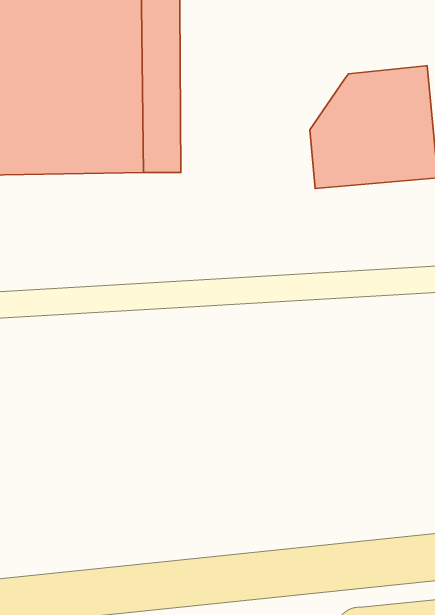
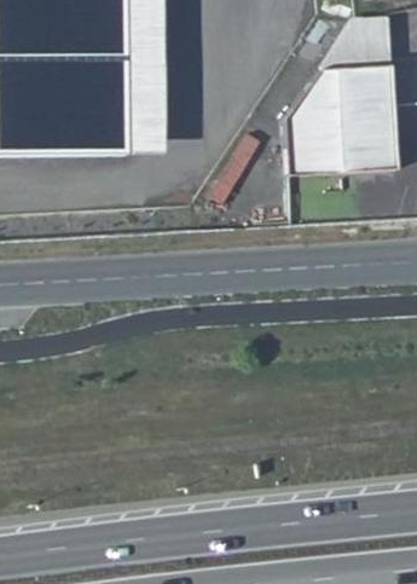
building: none -> [311,12,388,73]

